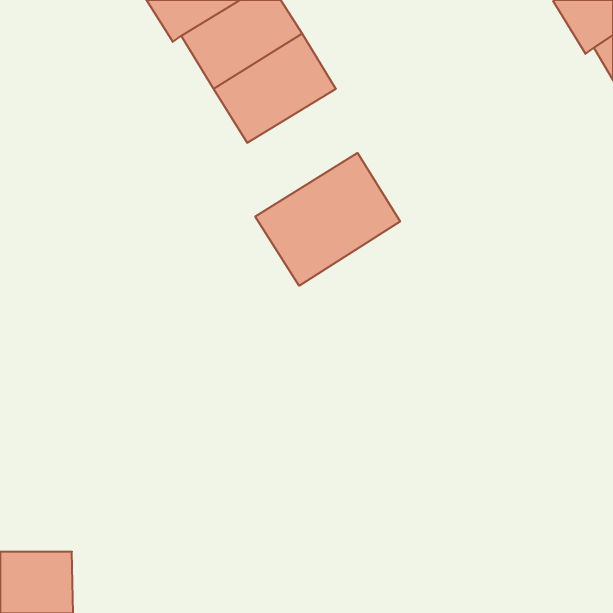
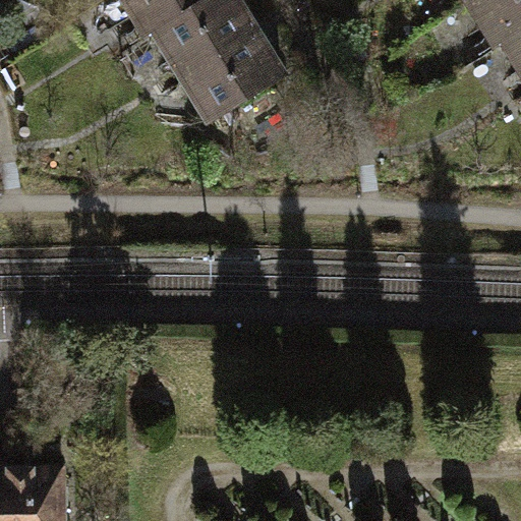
building: [255,153,400,286] -> none

